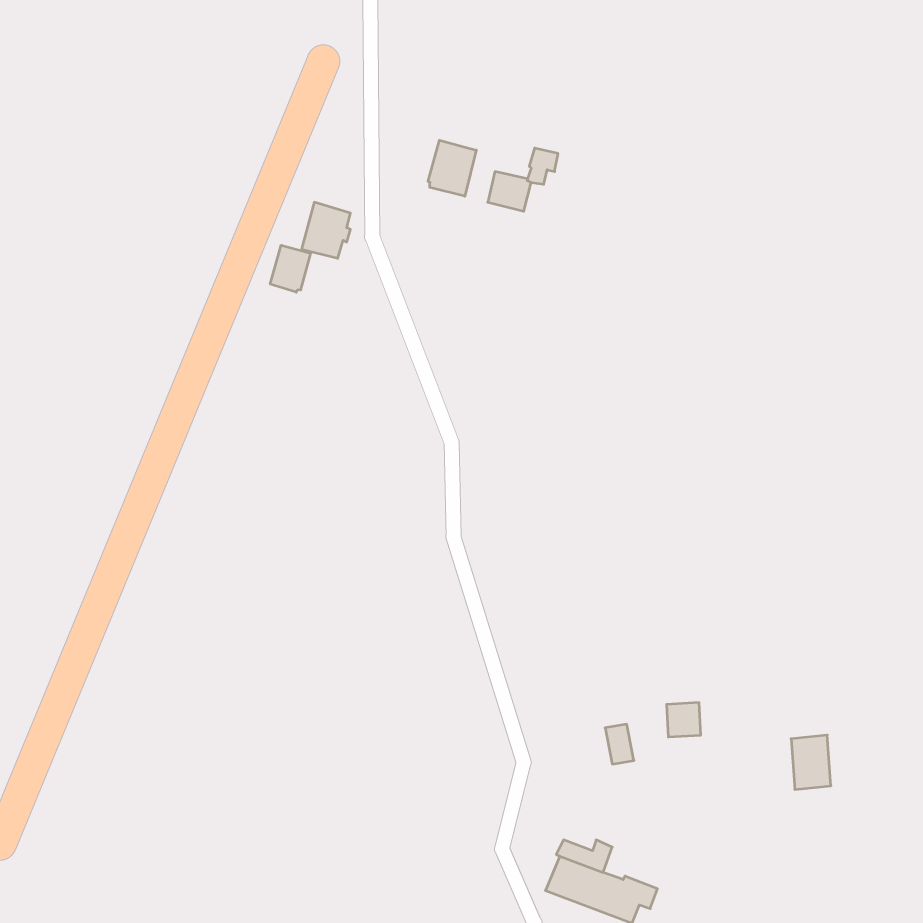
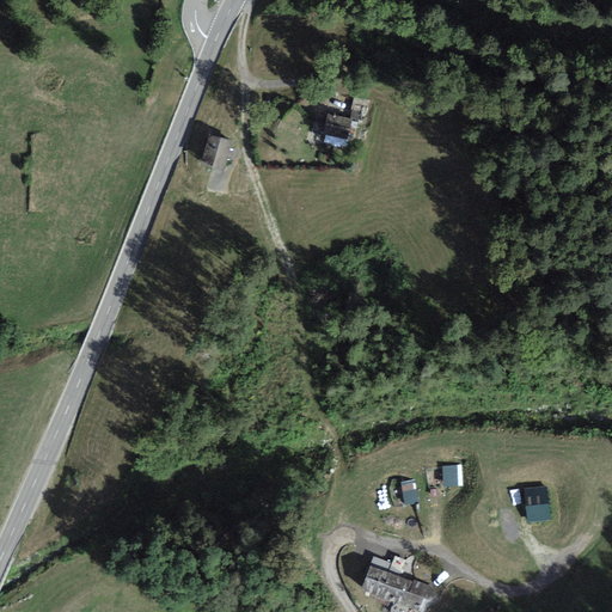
building: [428,140,476,196] -> none
building: [270,245,311,292] -> none

